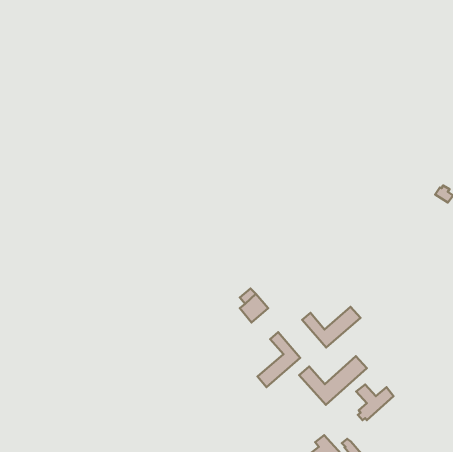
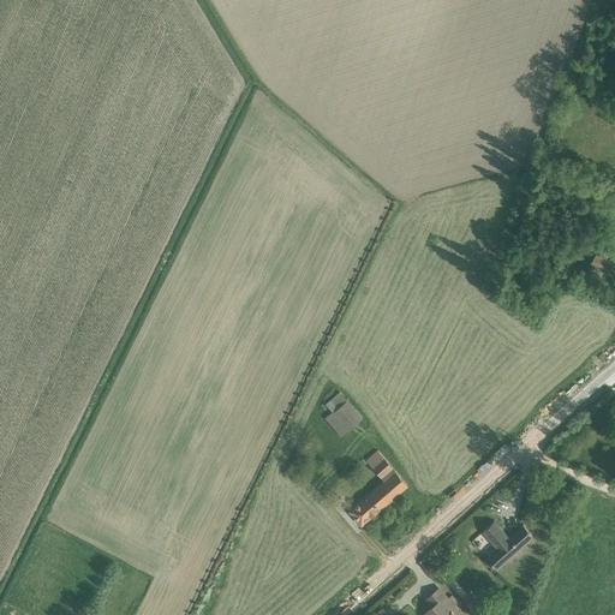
building: [302,307,360,347] -> none
building: [299,356,367,405] -> none

